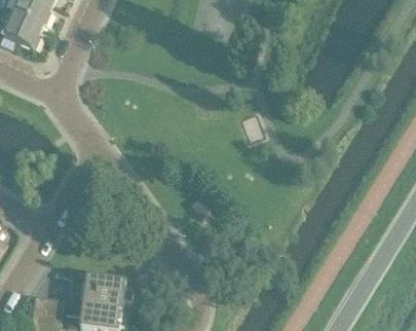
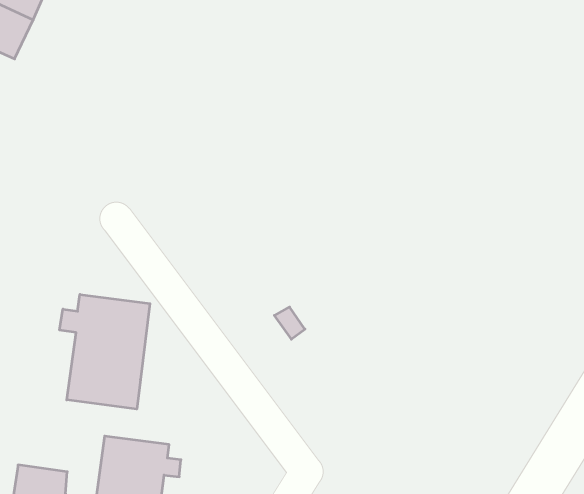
building: none -> [60,294,150,409]

